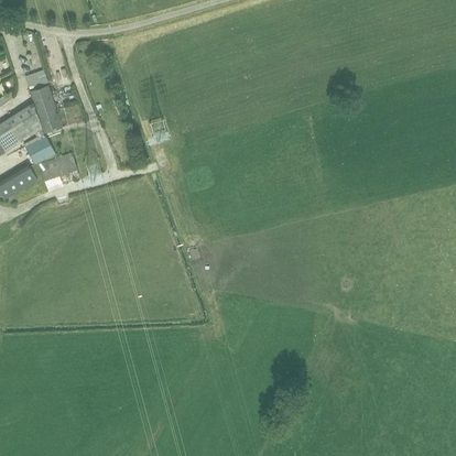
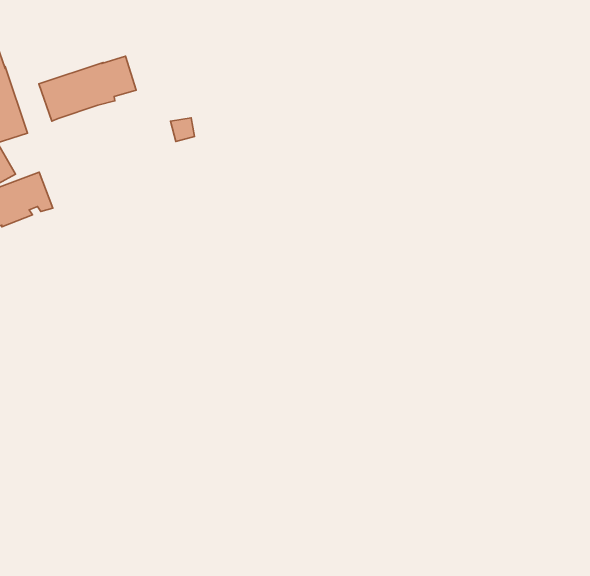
building: none -> [39,56,136,121]

